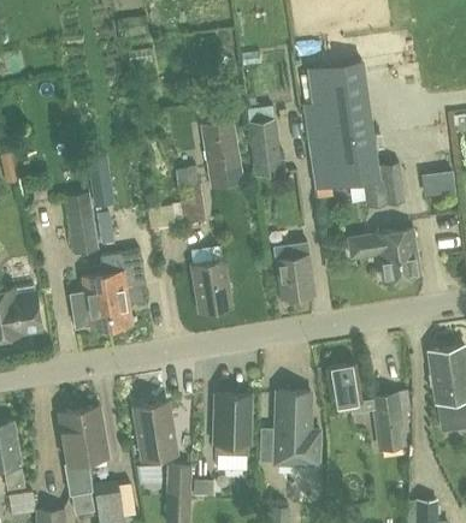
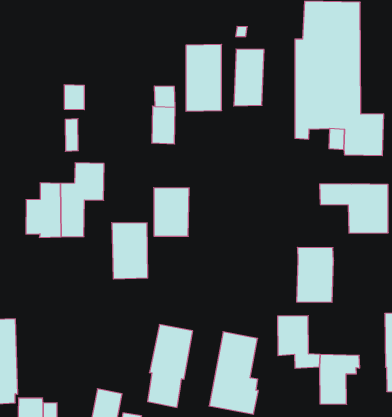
building: [64,192,96,255] -> none
building: [273,243,314,299] -> [297,247,334,302]
building: [134,402,176,459] -> [112,223,148,279]
building: [78,406,108,462] -> none

